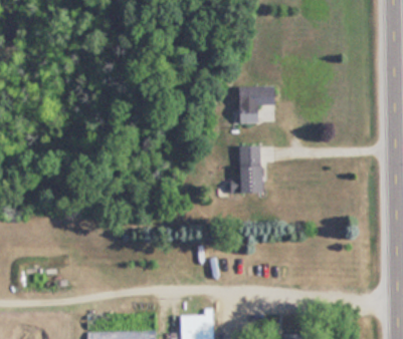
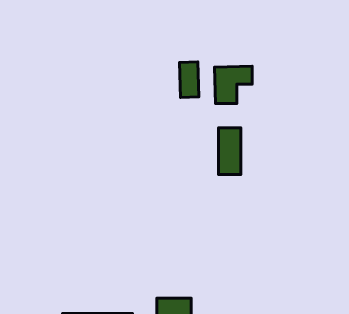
building: none -> [180,62,199,97]

